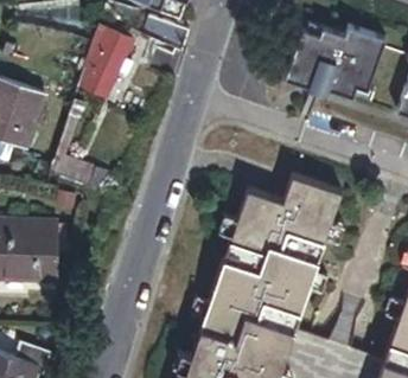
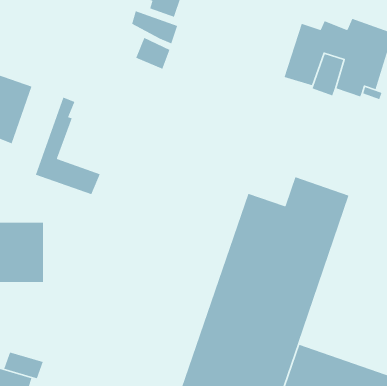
building: [77,25,132,101] -> none

